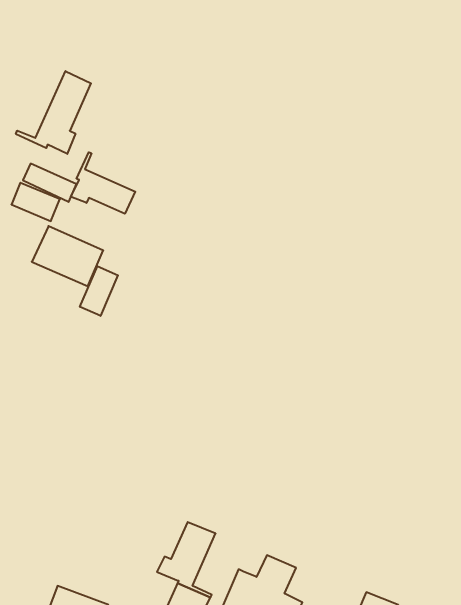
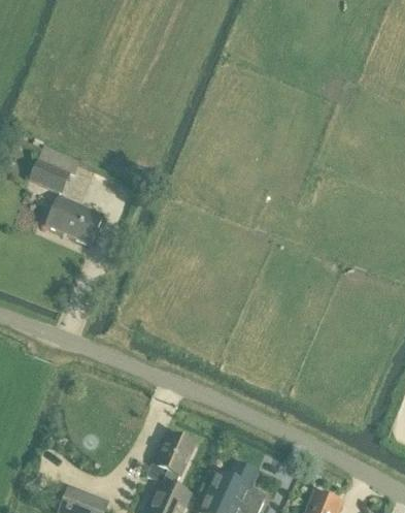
building: [16,71,91,154] -> none
building: [71,152,135,214] -> none
building: [80,266,118,316] -> none

